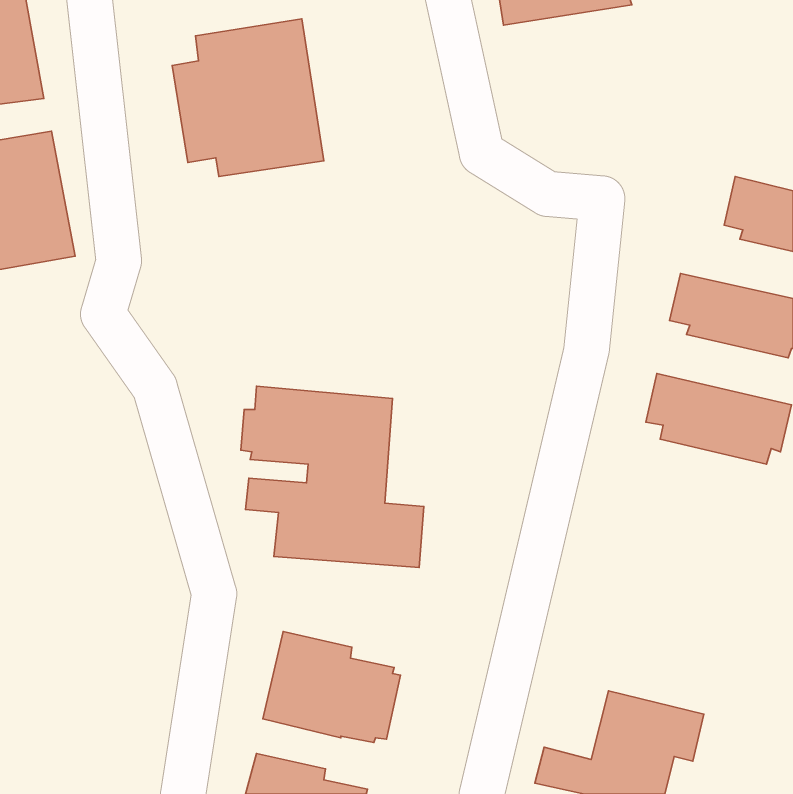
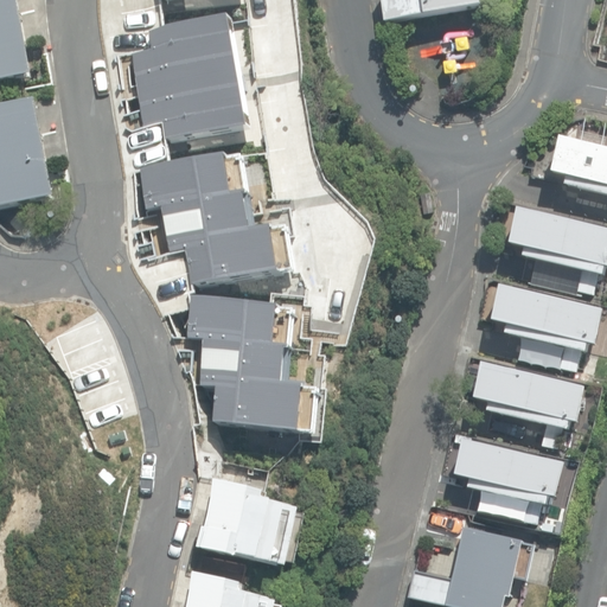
building: none -> [139,147,296,286]
building: none -> [473,362,582,430]
building: none -> [453,439,563,506]

